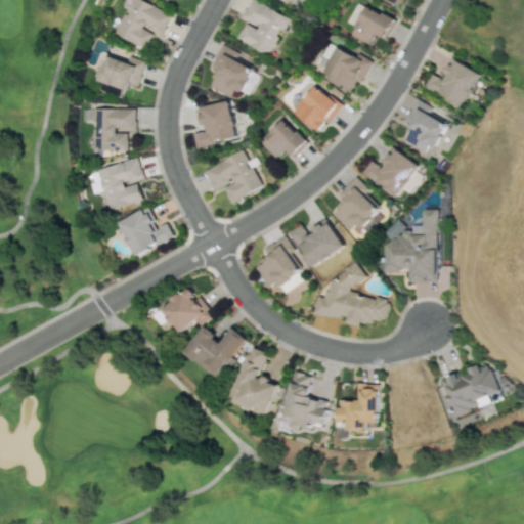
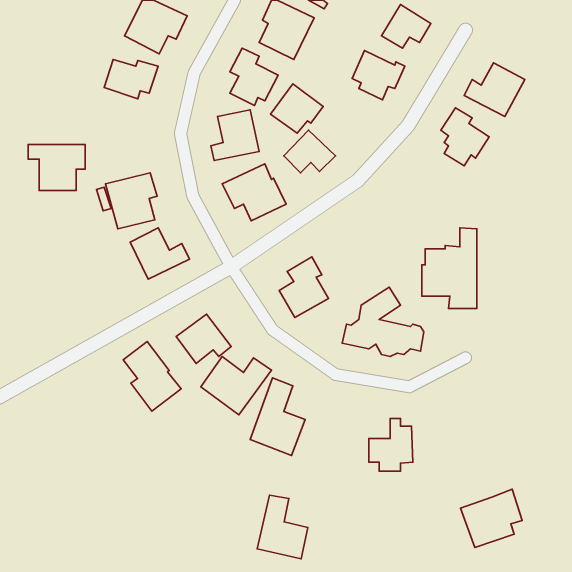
building: [292,86,340,131] -> [270,84,323,133]
building: [82,108,134,150] -> [28,145,85,191]
building: [361,147,419,198] -> none
building: [332,177,378,231] -> none
building: [288,220,343,268] -> none
building: none -> [123,342,181,411]
building: [439,363,495,417] -> [460,489,522,548]
building: [281,373,328,431] -> [257,495,308,559]

